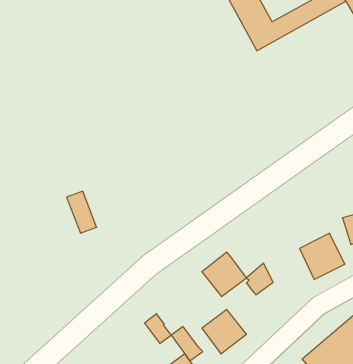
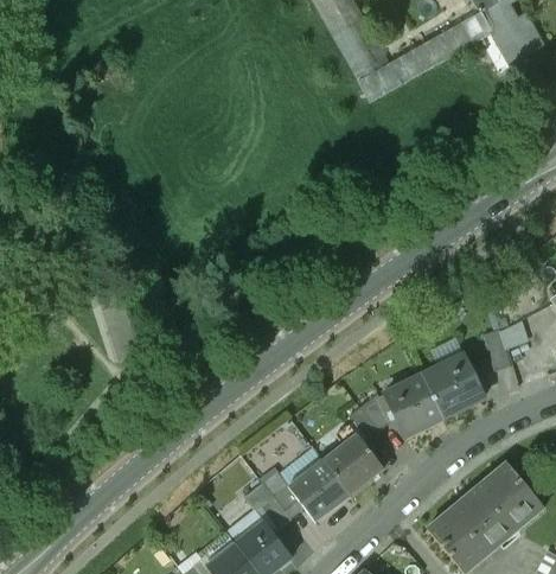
building: none -> [386,376,443,436]
building: [202,252,246,297] -> [322,433,384,495]
building: [145,314,171,344] -> [262,471,299,512]

